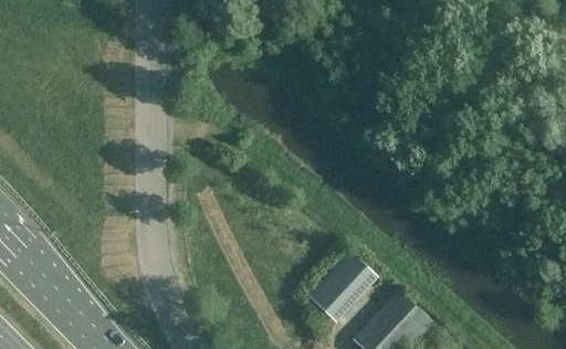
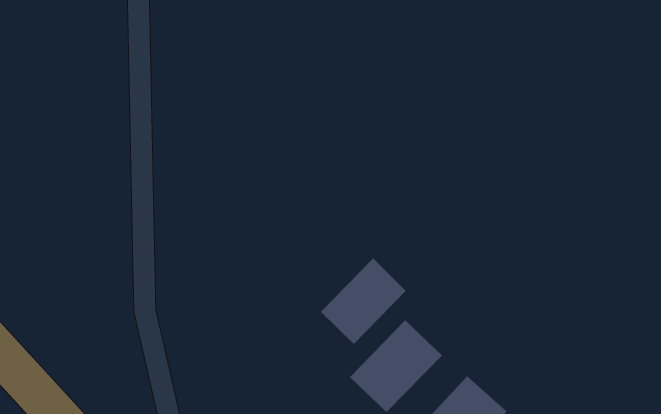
building: none -> [320,258,407,345]

